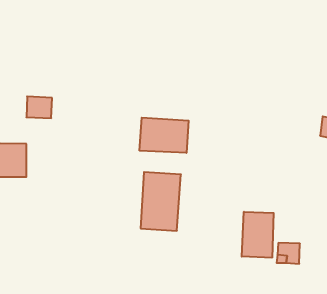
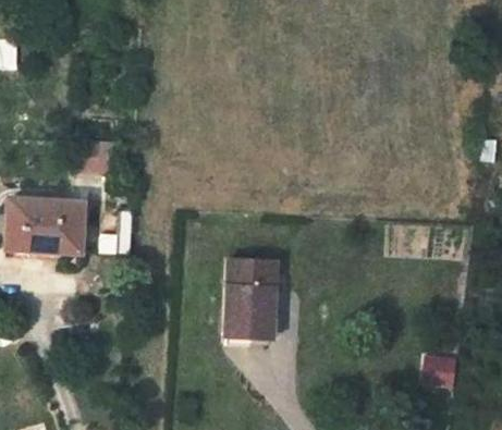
building: [140,118,189,153] -> none
building: [242,212,274,258] -> none

